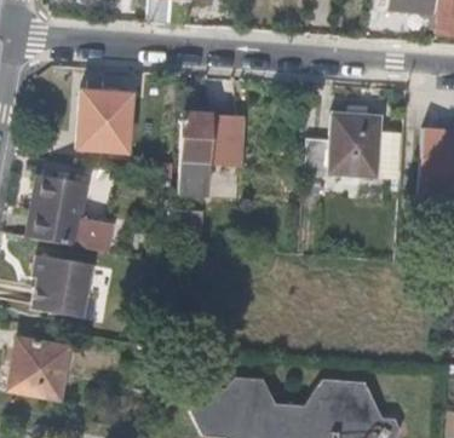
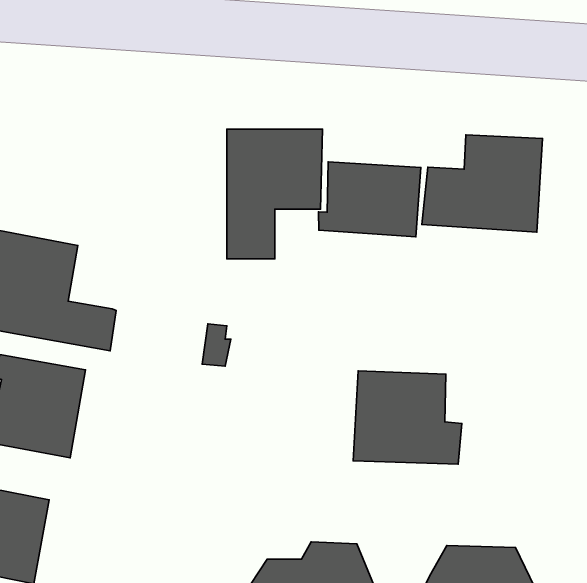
building: [75,91,128,150] -> none
building: none -> [318,162,421,237]
building: none -> [353,371,462,464]

